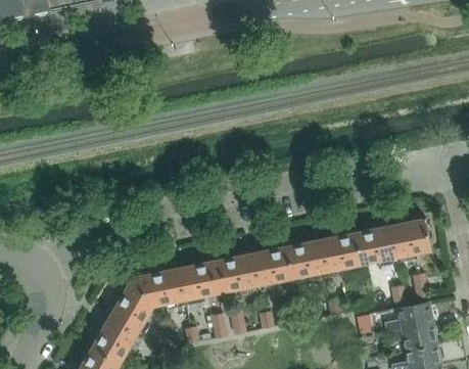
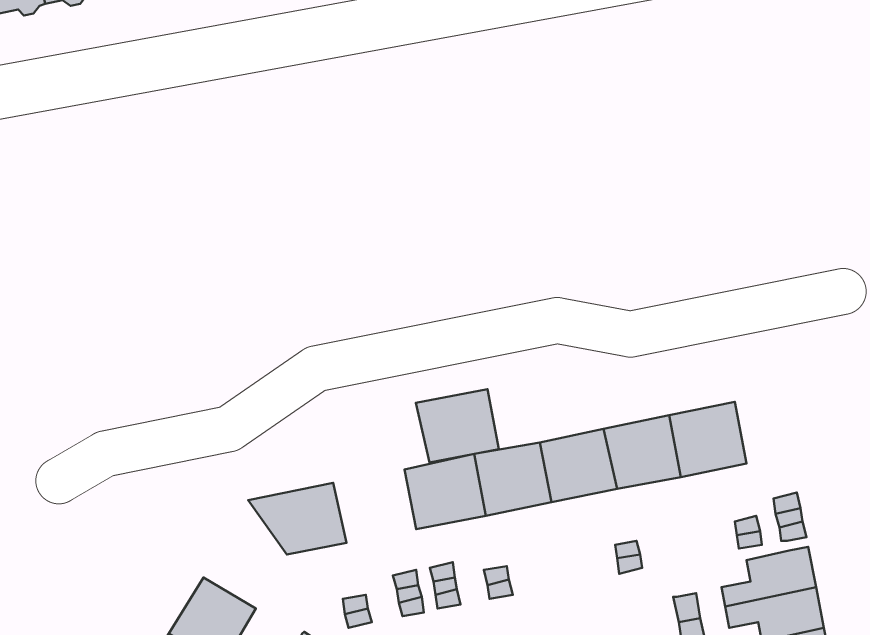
building: [390,219,431,258] -> none
building: [178,261,222,299] -> [416,389,499,463]
building: [109,277,153,334] -> none

